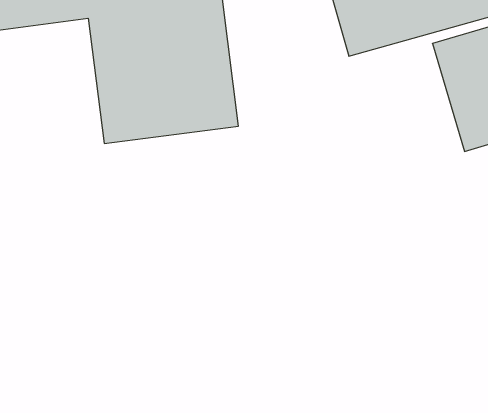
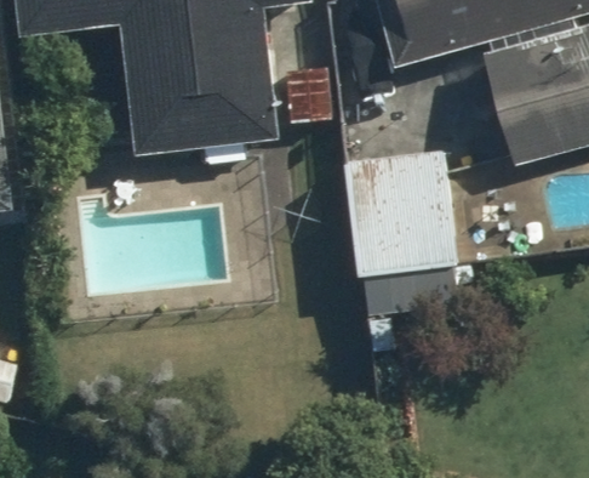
building: none -> [344,150,457,277]

